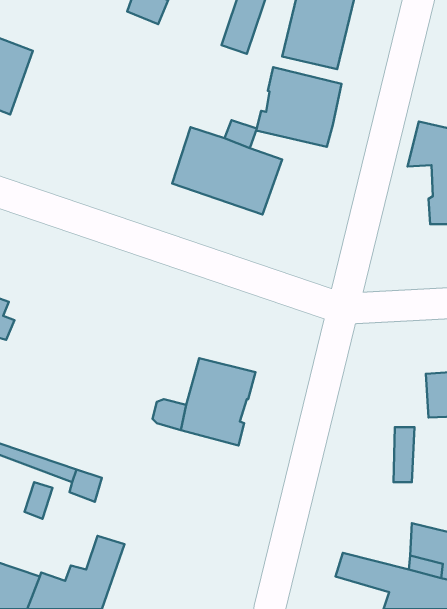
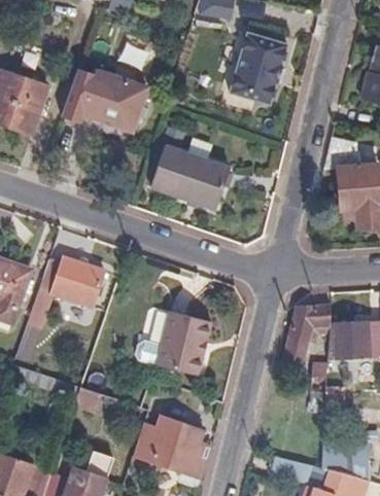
building: none -> [79,63,145,129]
building: [256,67,342,147] -> none
building: none -> [38,257,103,307]
building: none -> [282,304,329,363]
building: none -> [131,423,209,484]

